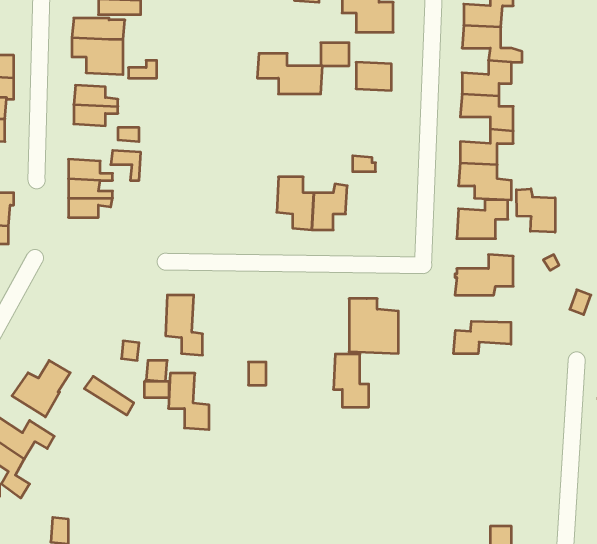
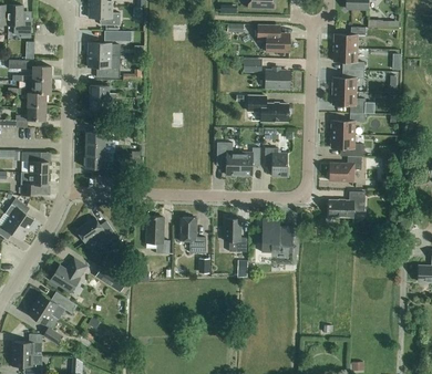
building: [257,53,322,94] -> [247,96,288,122]
building: none -> [264,148,288,177]
building: [516,189,555,232] -> none
building: none -> [76,218,115,245]
building: [454,321,511,354] -> none
building: [333,354,369,407] -> [224,219,246,252]
building: [168,373,209,430] -> [179,218,205,253]

